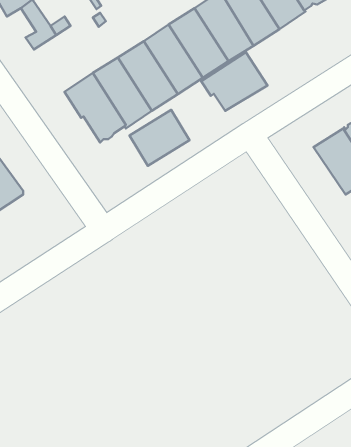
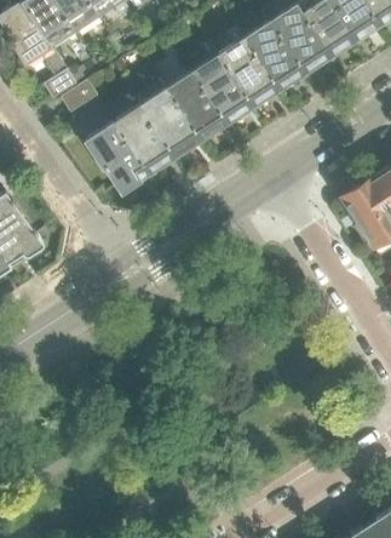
building: none -> [63,81,108,118]
building: [201,52,267,111] -> none
building: [130,110,190,166] -> none

